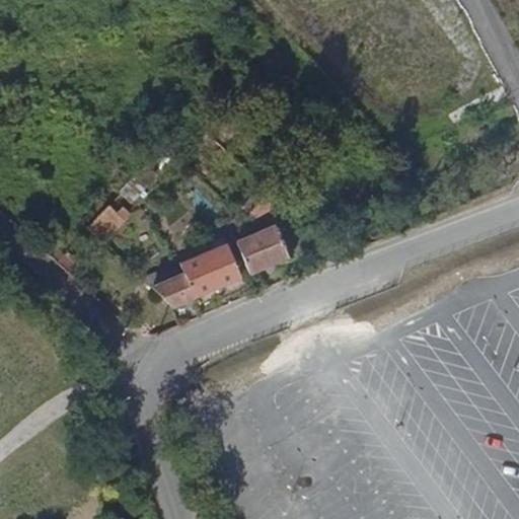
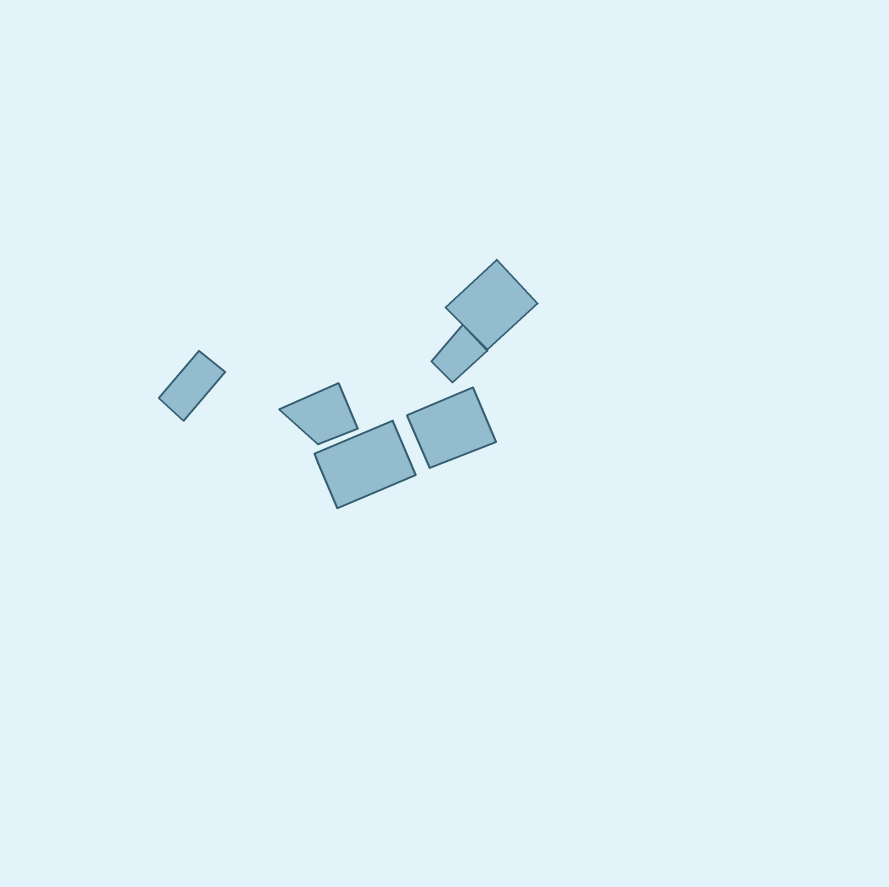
building: none -> [446,260,538,350]
building: [150,269,196,304] -> [279,383,358,444]

